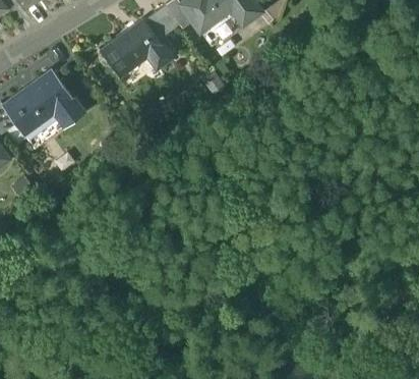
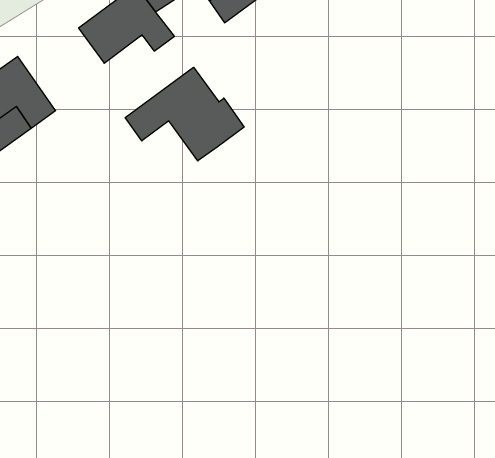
building: none -> [125,67,244,161]

